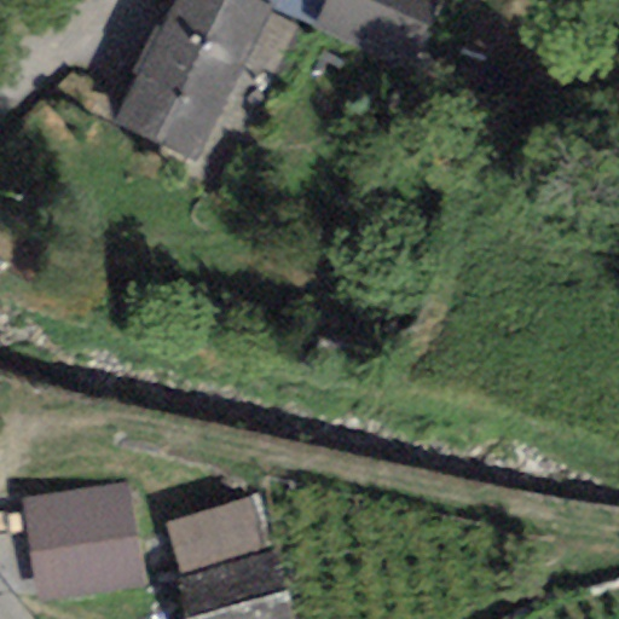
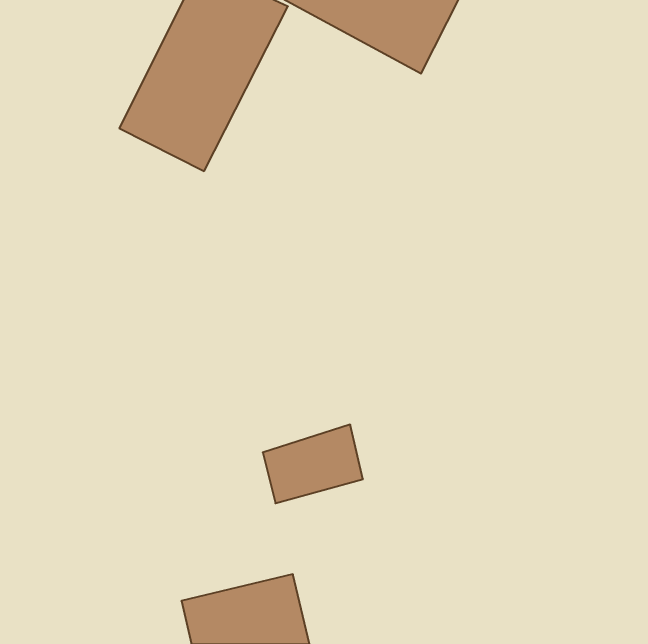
building: [24,480,145,601] -> none
building: [168,494,264,569] -> [263,425,363,503]

